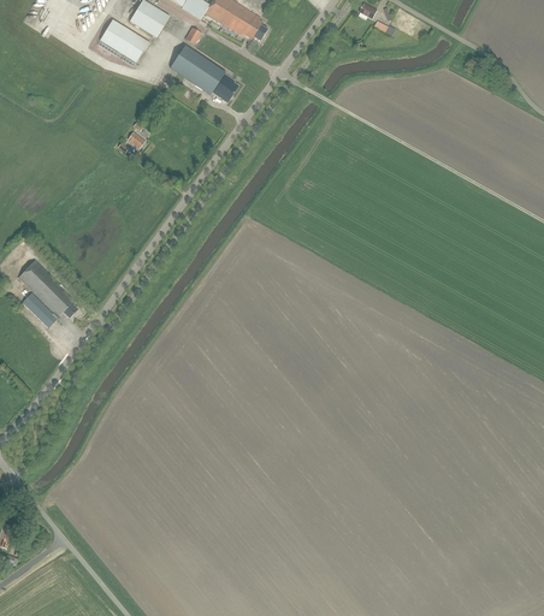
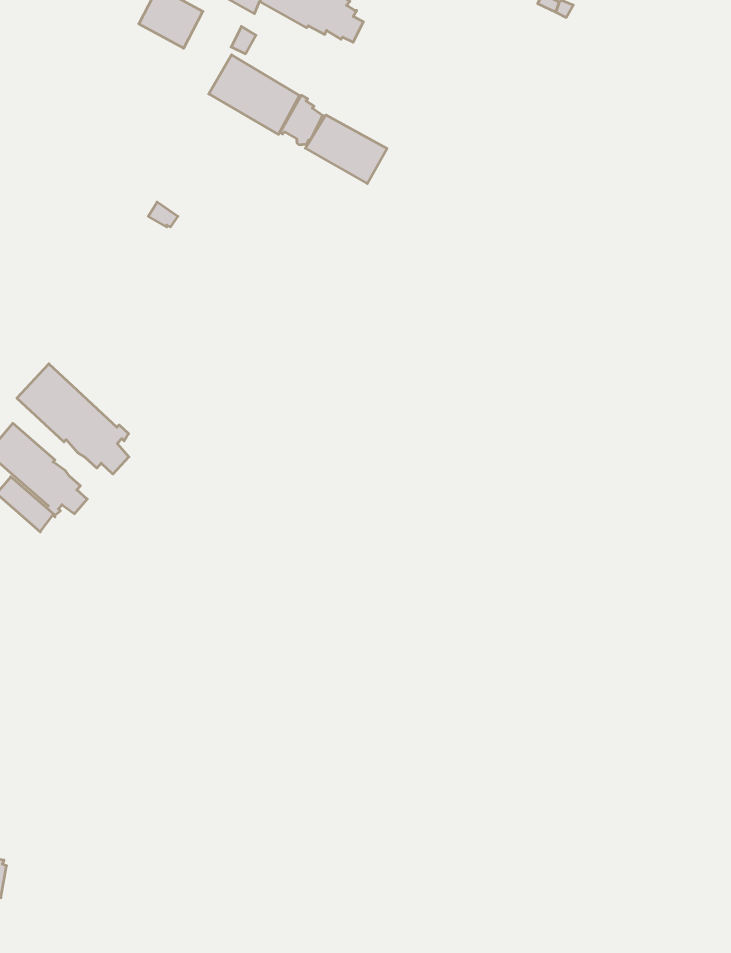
building: [99,19,148,63] -> none
building: none -> [305,115,387,184]
building: none -> [17,364,129,474]

